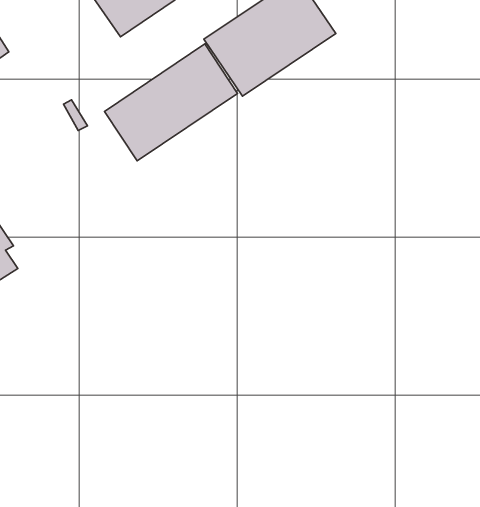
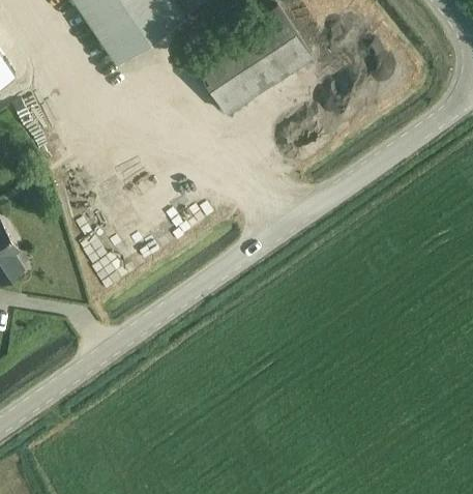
building: [105,44,237,161] -> none

